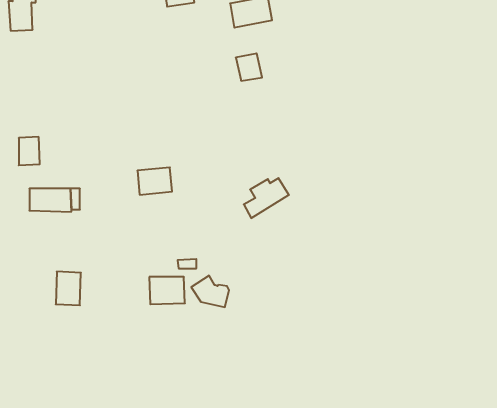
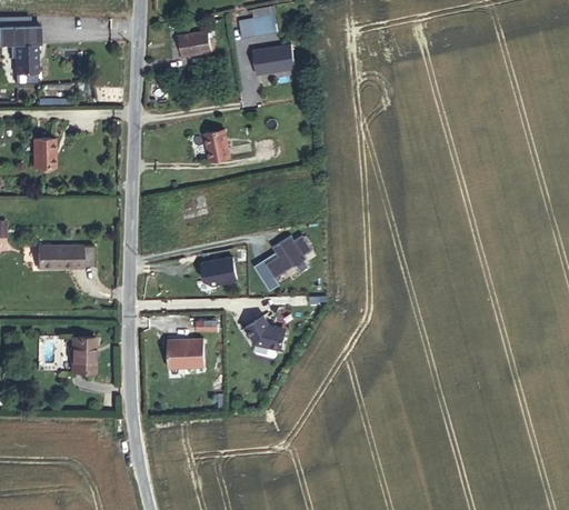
building: [236,53,262,81] -> [203,129,231,158]
building: [19,137,40,165] -> [31,143,53,173]
building: [137,167,172,195] -> [199,257,236,286]
building: [191,276,229,307] -> [242,316,282,349]

